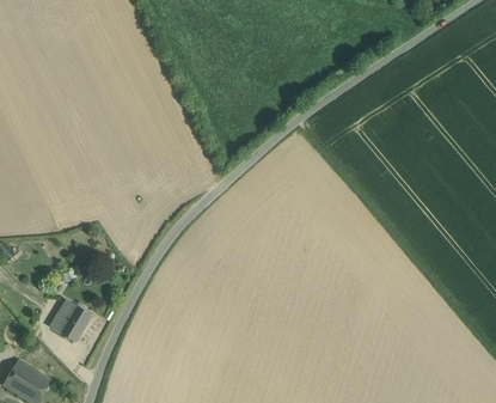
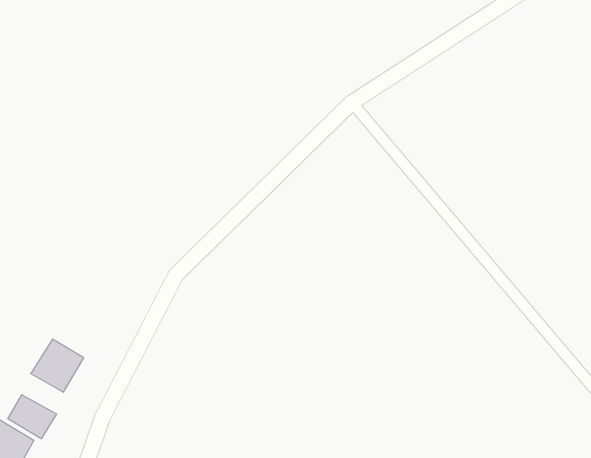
building: none -> [8,395,57,439]

